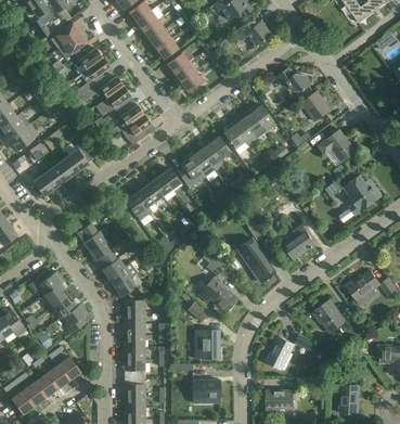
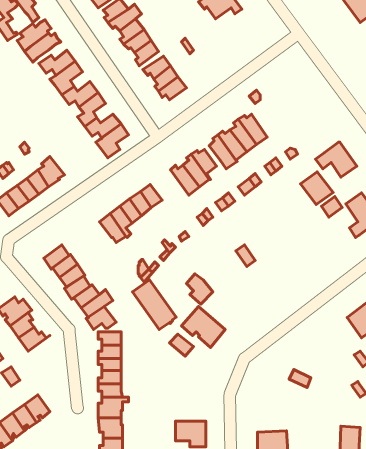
building: [235,18,270,46] -> none
building: [275,67,311,91] -> none
building: [301,92,331,121] -> [300,172,333,204]
building: [176,155,205,189] -> none
building: [283,224,315,260] -> none
building: [236,239,275,283] -> [133,280,176,329]
building: [313,299,346,333] -> none
building: [61,304,88,334] -> none
building: [194,331,220,359] -> none
building: [266,337,294,370] -> none

